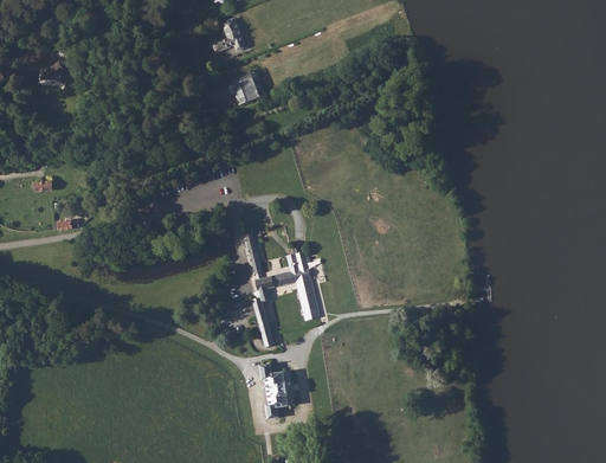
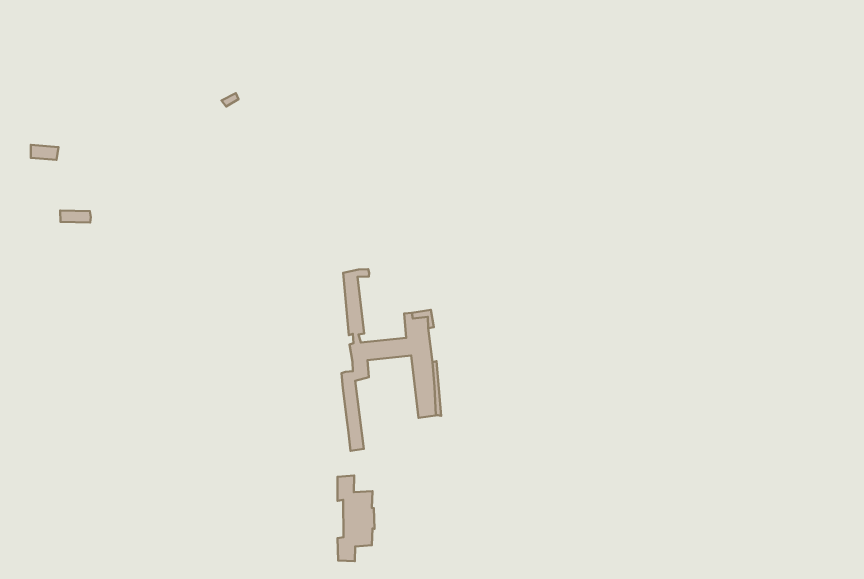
building: [231,70,256,104] -> none

